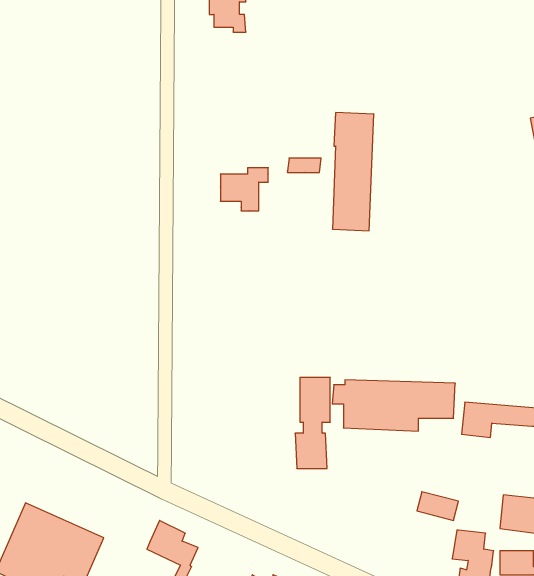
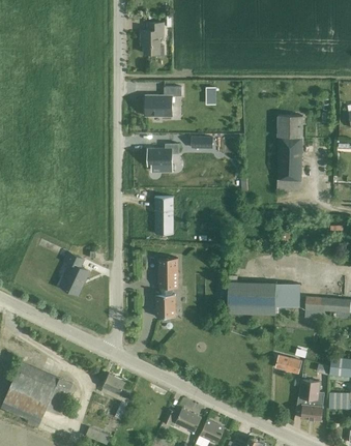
building: none -> [145,87,181,118]
building: [332,113,374,231] -> [277,115,304,191]
building: none -> [154,197,173,234]
building: none -> [59,251,89,294]
building: [295,377,330,468] -> [154,258,177,317]

